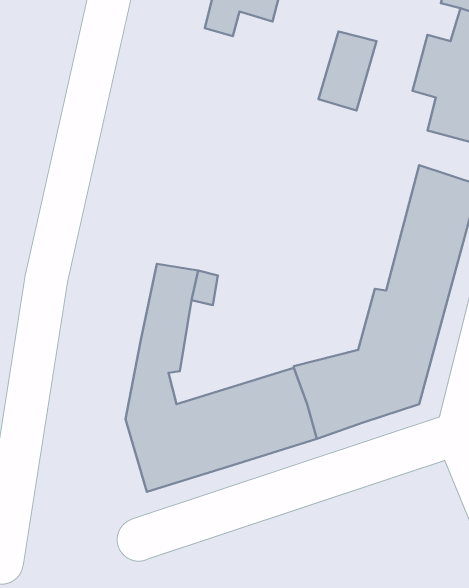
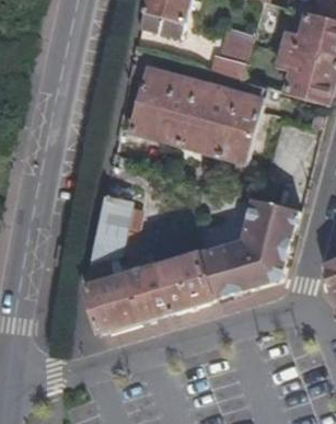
building: none -> [131,71,263,162]

